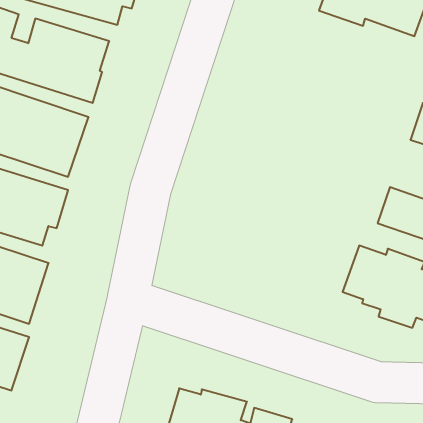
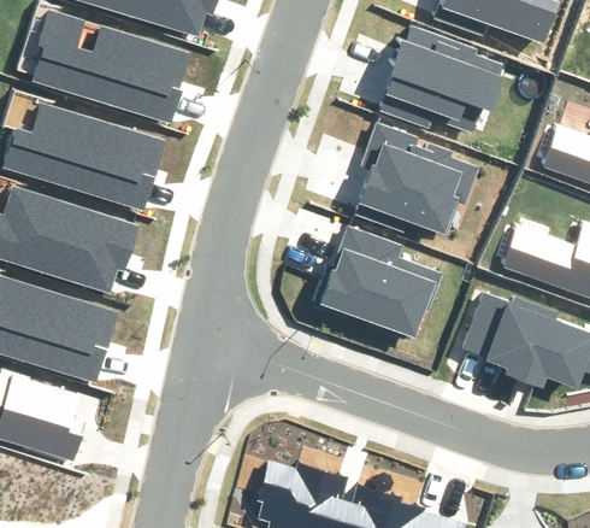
building: none -> [379,25,506,131]
building: none -> [355,124,478,233]
building: none -> [317,225,438,338]

